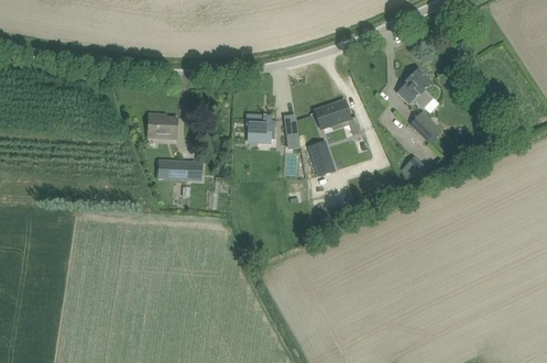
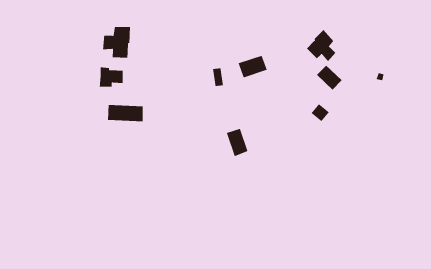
building: none -> [102,26,131,58]
building: [245,114,274,136] -> none
building: [307,141,335,176] -> [226,128,249,157]

